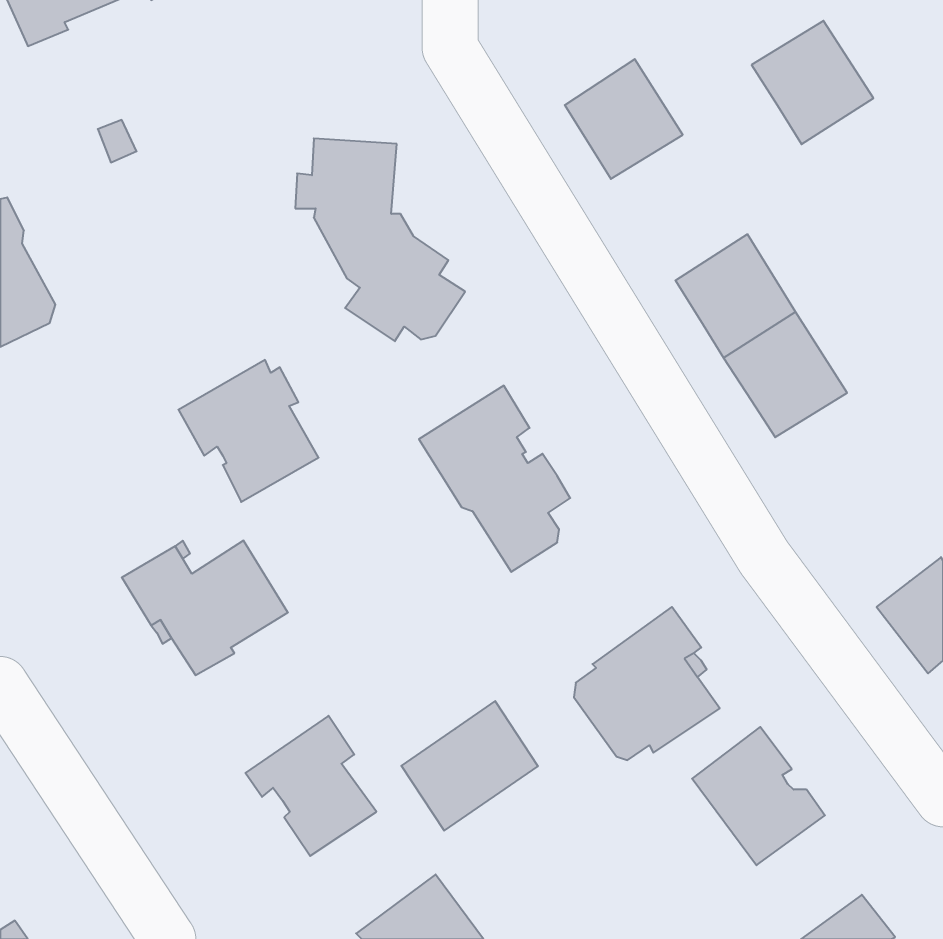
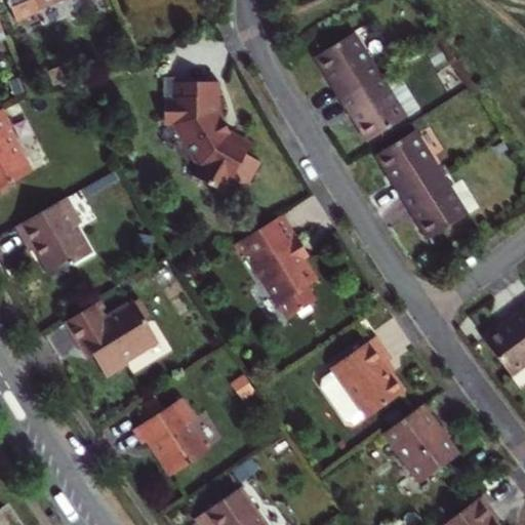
building: [752,21,873,144] -> [339,75,407,144]
building: [178,360,319,502] -> [16,201,94,280]
building: [401,701,538,831] -> none

